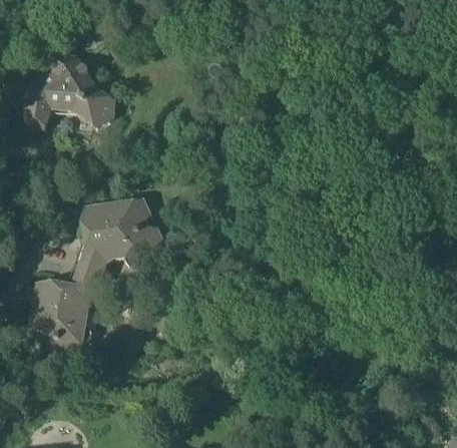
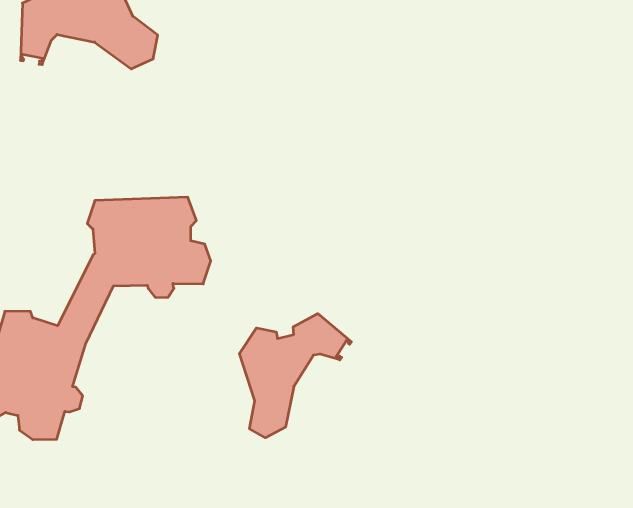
building: none -> [239,314,351,438]

